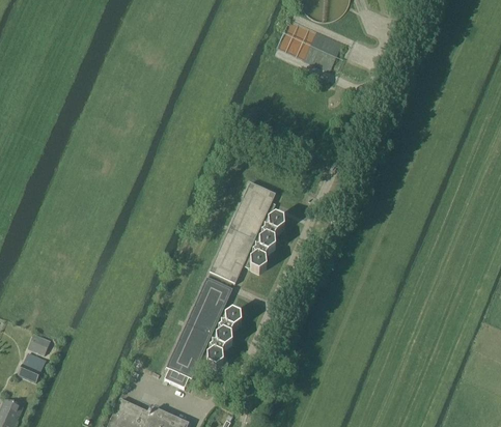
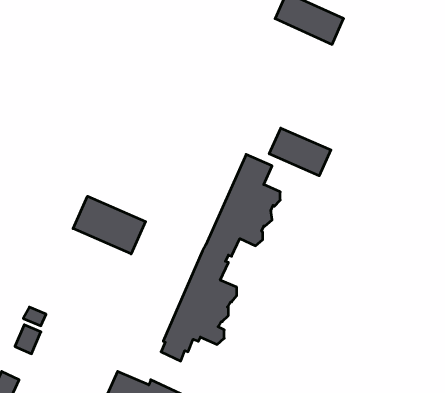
building: none -> [269,128,331,176]
building: none -> [73,196,146,254]

